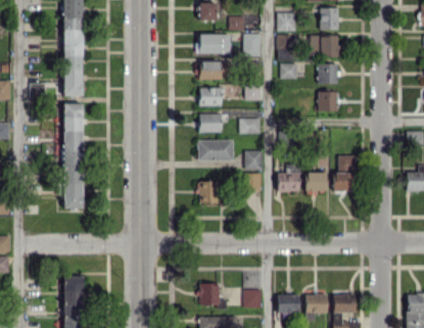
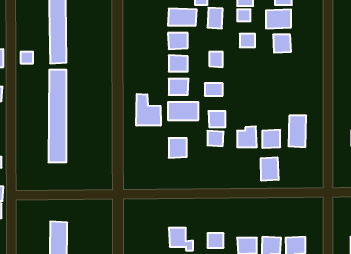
building: [318,91,338,111] -> none
building: none -> [136,94,161,126]
building: none -> [261,157,279,181]

